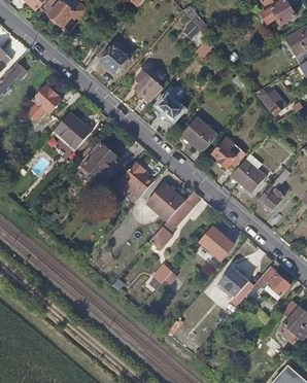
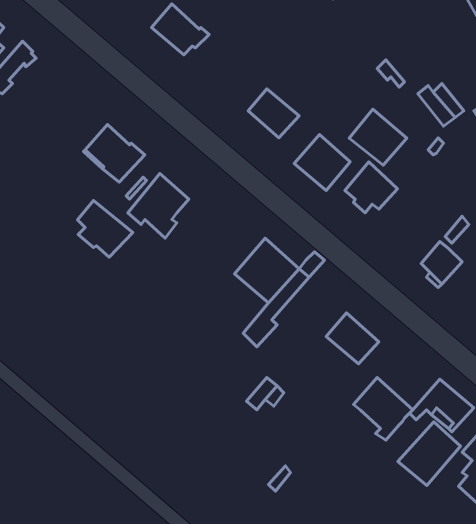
building: [135,69,163,101] -> none
building: [29,84,62,119] -> none
building: [231,158,266,192] -> [349,109,407,165]
building: none -> [77,201,133,257]
building: [121,161,155,196] -> none
building: none -> [398,422,461,486]

